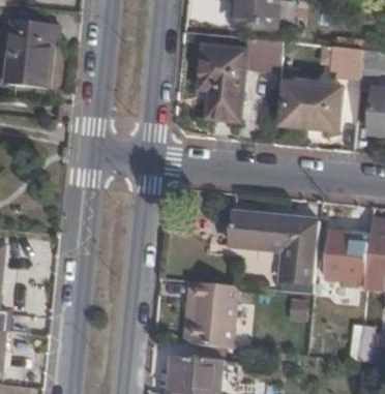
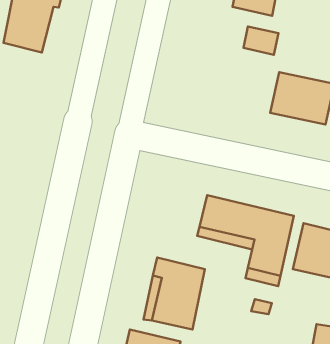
building: [198,44,243,120] -> none

